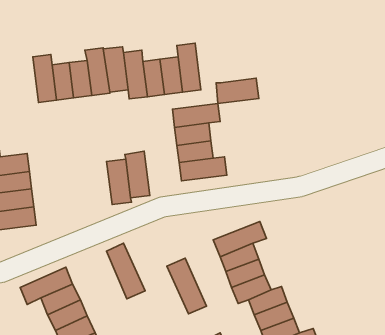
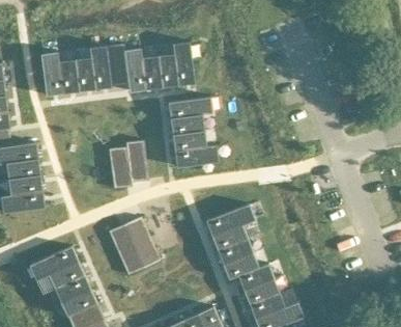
building: [216,78,259,103] -> none
building: [167,258,207,314] -> [123,217,160,268]

